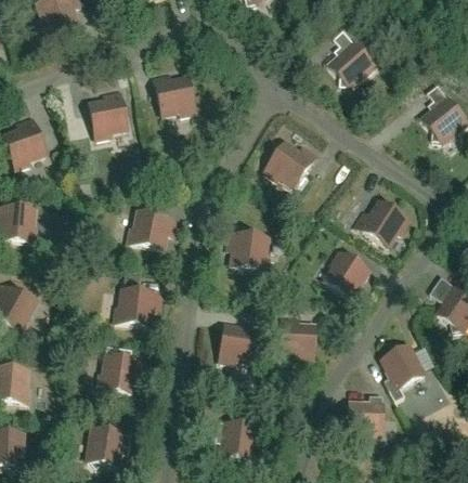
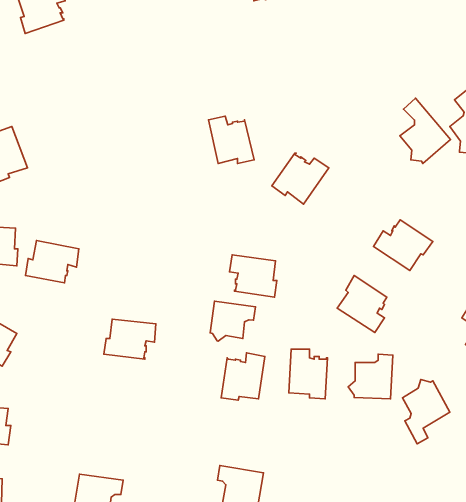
building: [330,28,376,87] -> [400,98,451,164]
building: [154,71,195,114] -> [208,116,254,163]
building: [89,89,127,136] -> none
building: [128,209,176,247] -> [26,240,79,283]
building: none -> [210,301,255,341]
building: [103,344,144,392] -> none
building: [342,393,382,433] -> [348,354,393,399]

